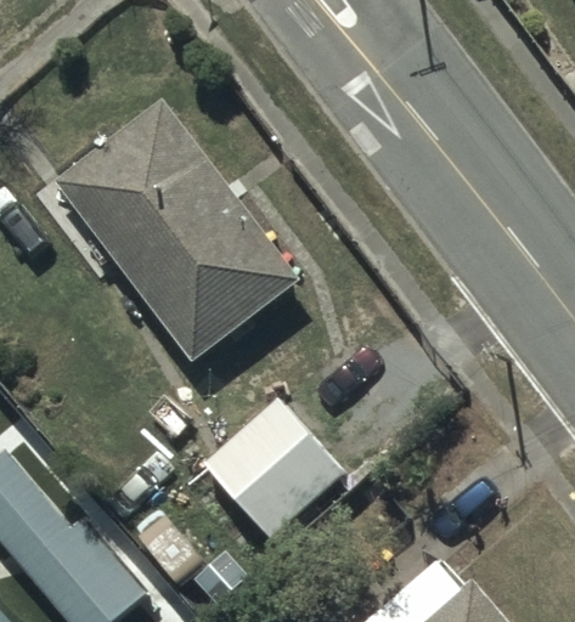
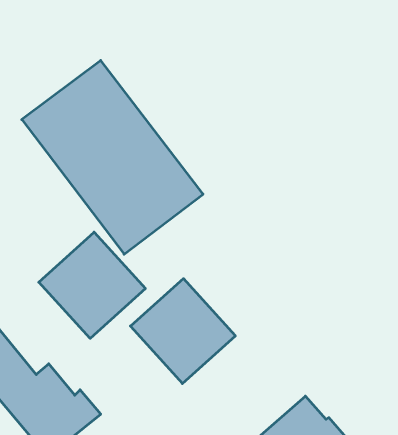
building: none -> [39,232,145,338]

